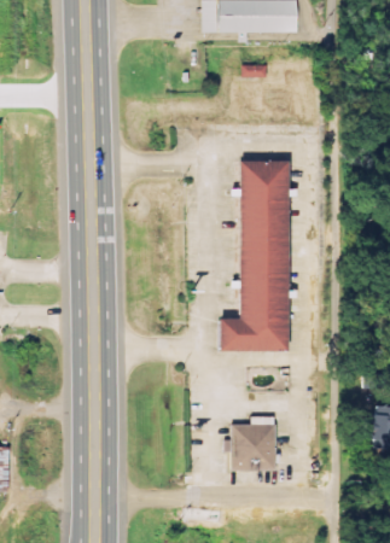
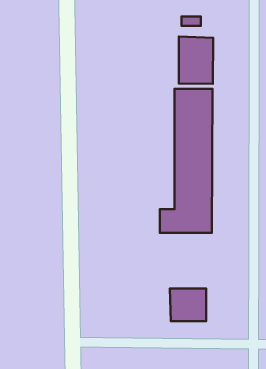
building: none -> [179,36,213,84]

